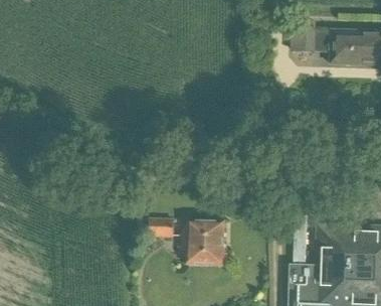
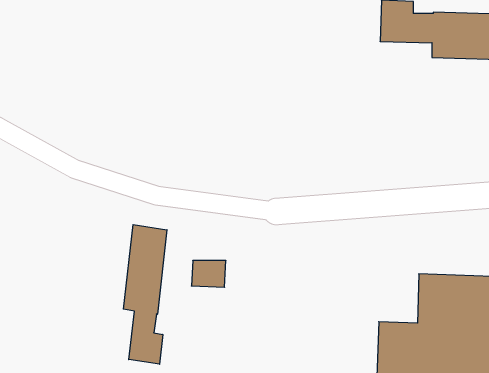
building: none -> [123,225,167,364]
building: [182,220,225,266] -> none

